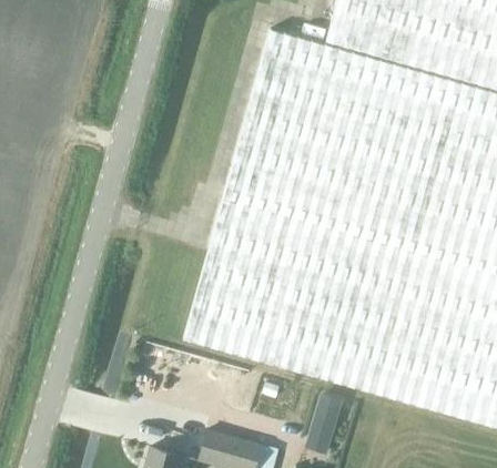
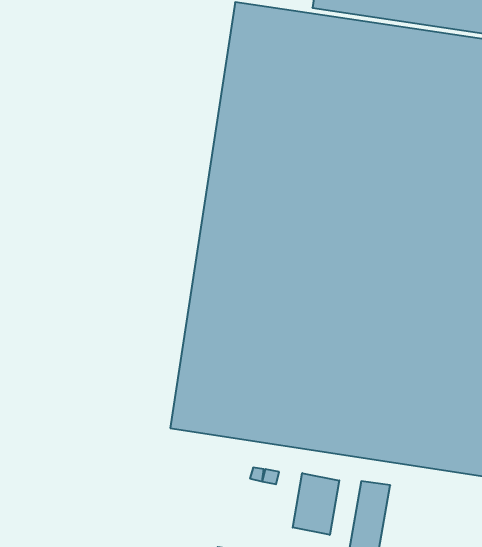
building: none -> [293,473,339,535]

